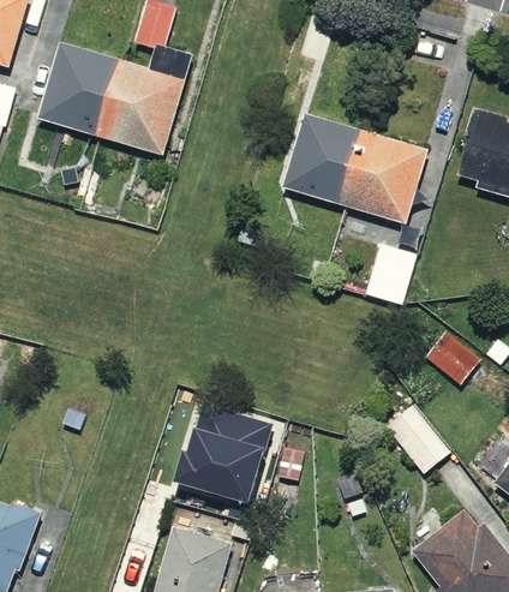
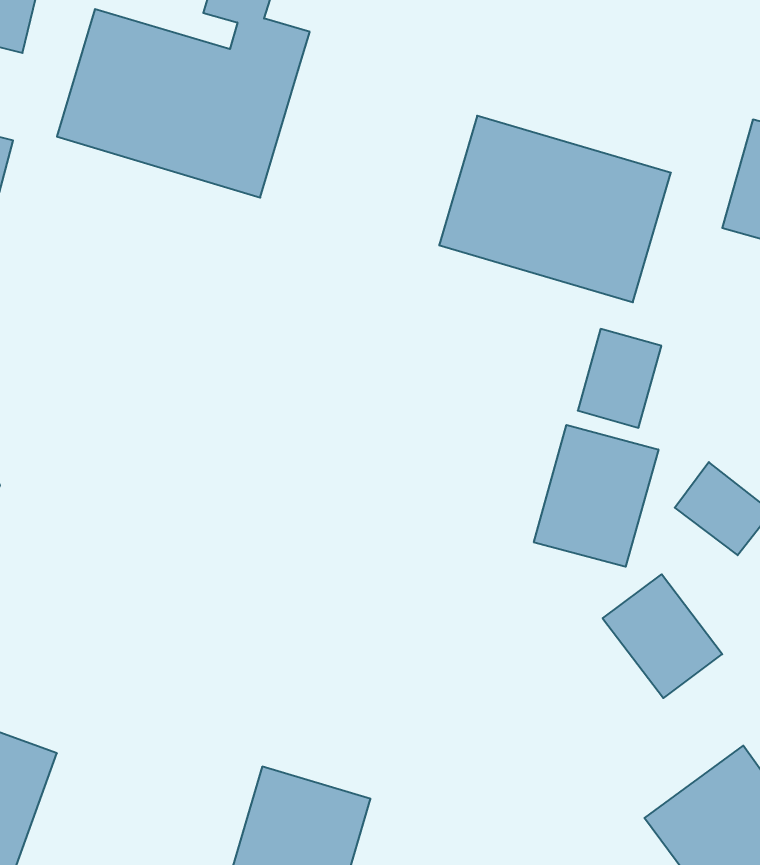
building: none -> [534,425,658,567]
building: [188,407,283,510] -> none

